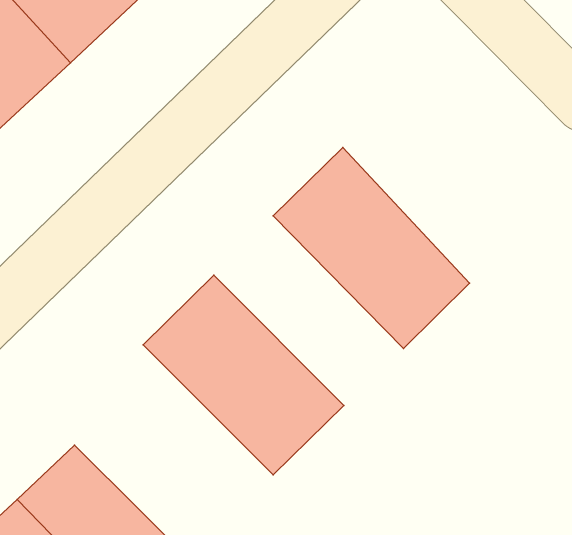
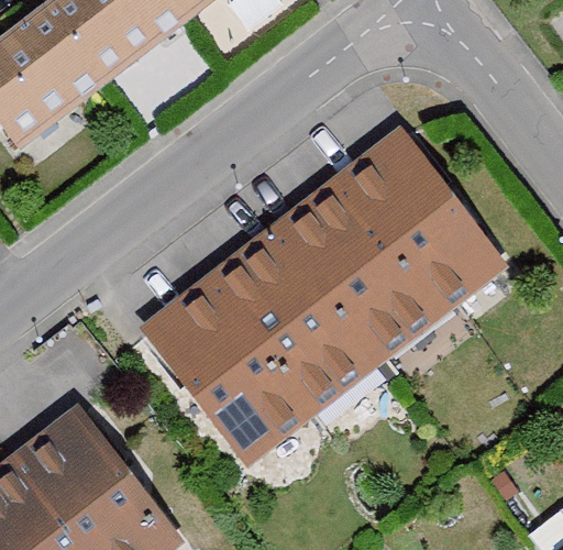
building: none -> [341,132,504,311]
building: none -> [214,232,374,406]

